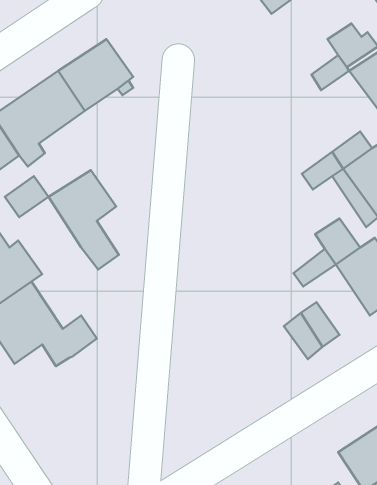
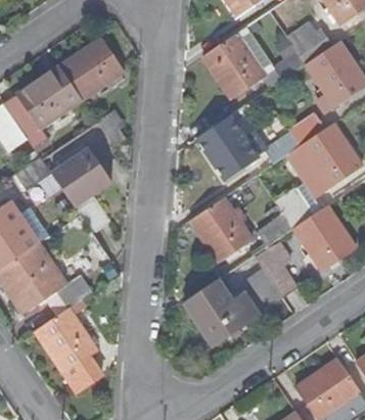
building: none -> [203,34,266,99]
building: none -> [195,116,258,181]
building: none -> [192,199,253,263]
building: none -> [185,280,257,344]
building: none -> [34,307,97,385]

